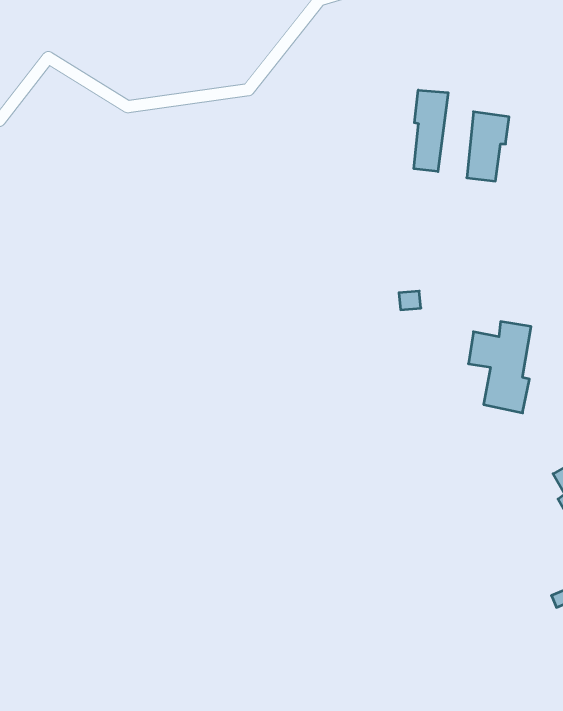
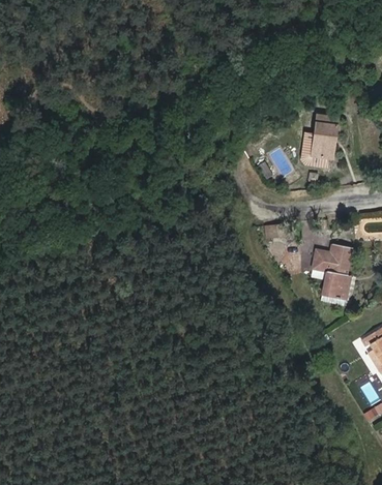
building: [414,90,448,172] -> none

